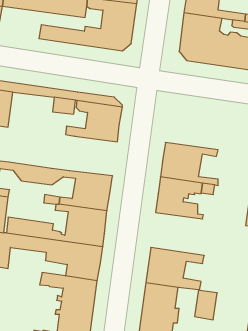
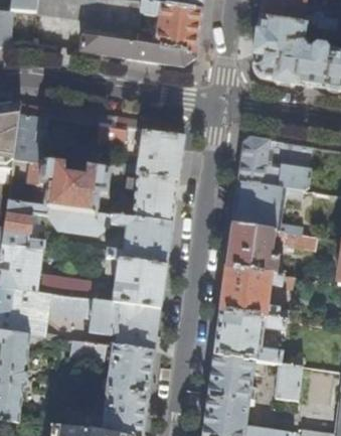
building: none -> [237,137,325,191]
building: none -> [38,162,110,213]
building: none -> [119,173,178,223]
building: none -> [219,268,295,321]

